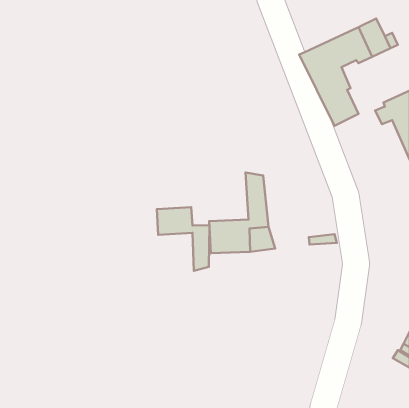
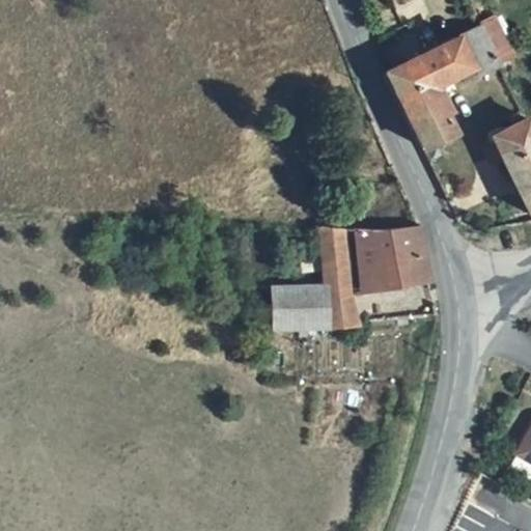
building: none -> [356,224,430,290]
building: [157,207,210,271] -> none

